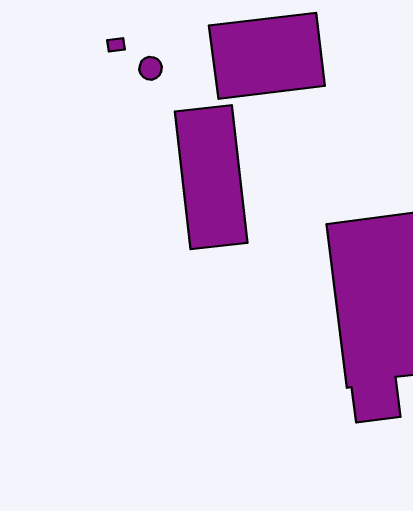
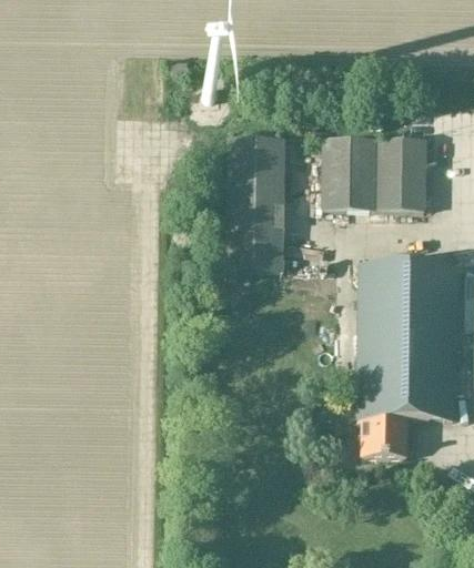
building: [209,13,325,99] -> [323,138,427,210]

